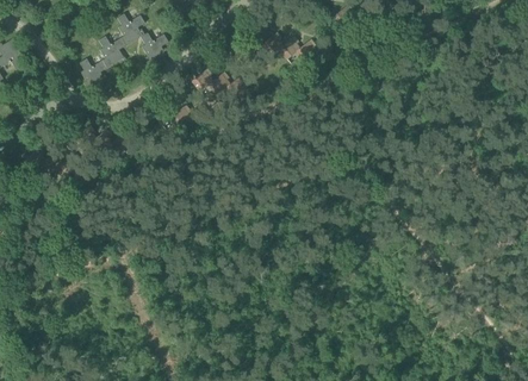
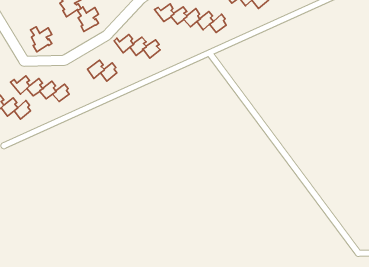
building: [98,36,125,68] -> none

